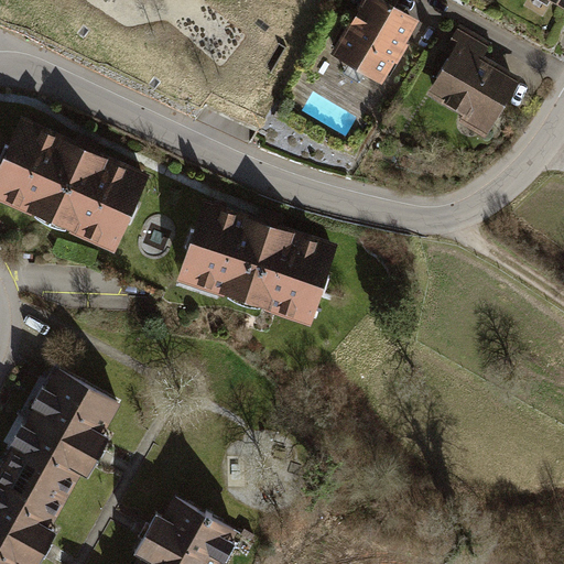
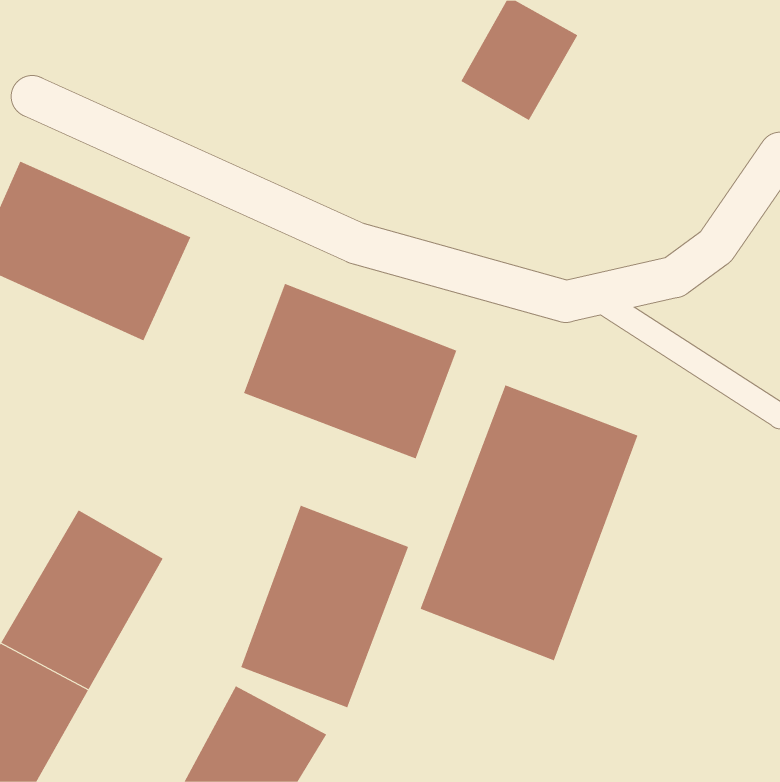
building: [430,46,522,133] -> none
building: none -> [420,385,638,661]
building: none -> [240,505,409,708]

